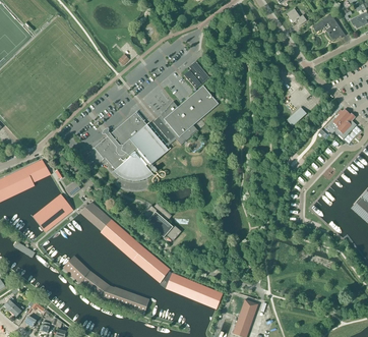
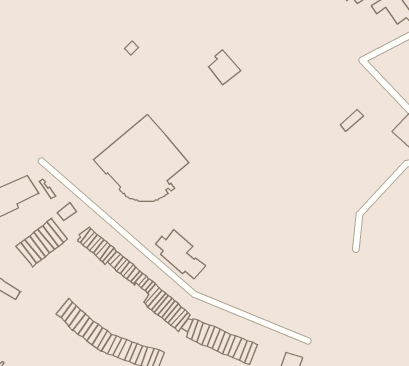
building: [157,86,218,145] -> none

